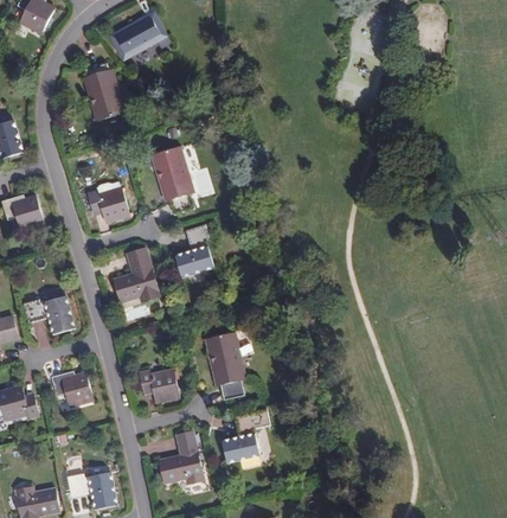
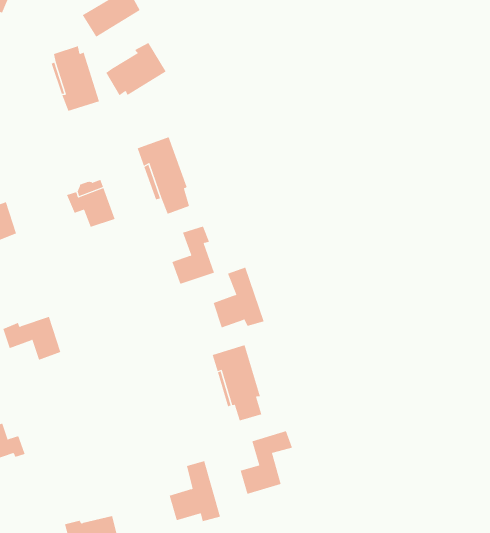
building: none -> [106,42,167,96]
building: [115,249,159,301] -> [213,267,264,328]
building: [140,369,180,402] -> none
building: [53,372,94,408] -> none

